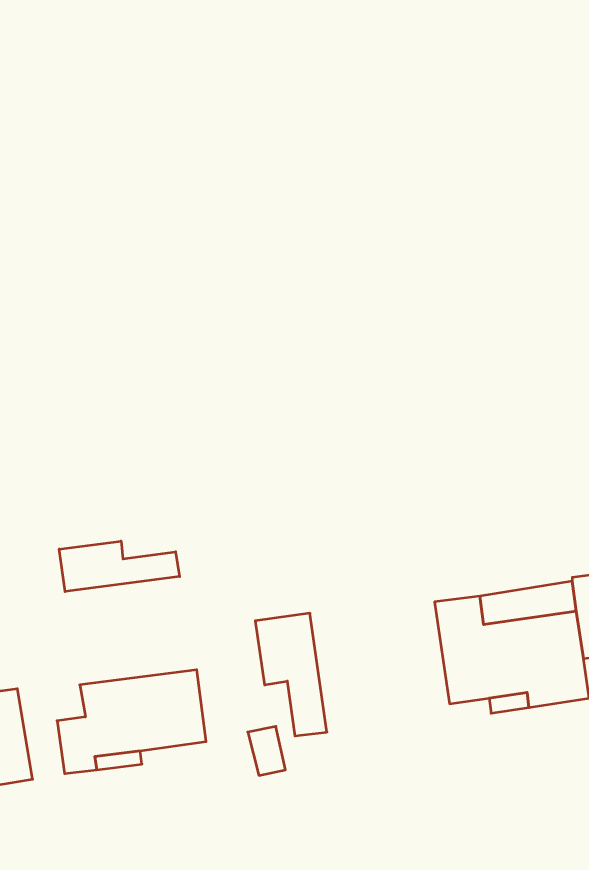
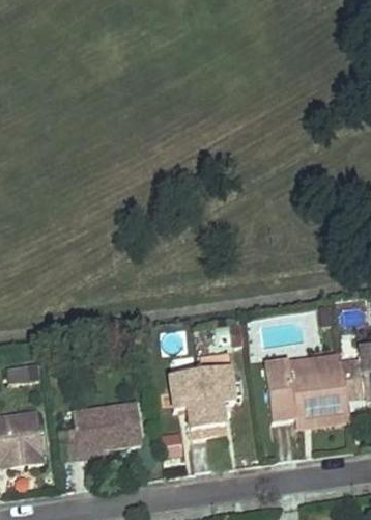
building: [59,541,180,592] -> none
building: none -> [200,365,235,435]

